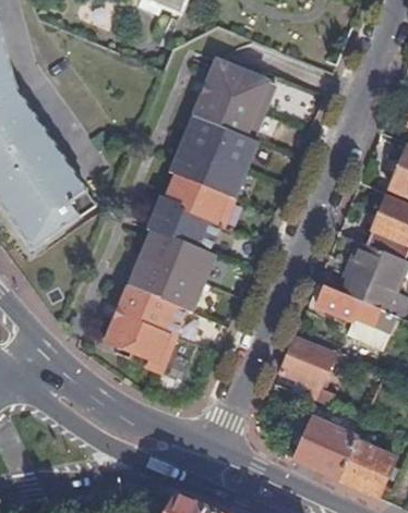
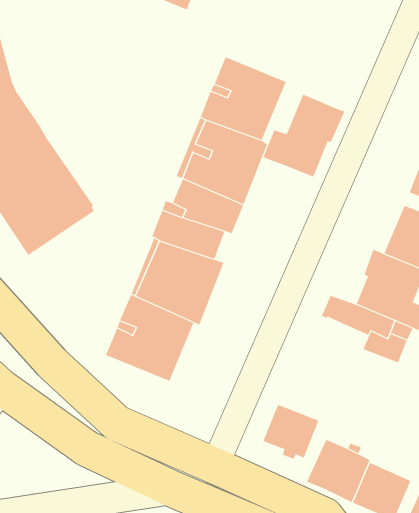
building: none -> [263,94,345,178]
building: [279,338,333,390] -> [263,404,319,460]

